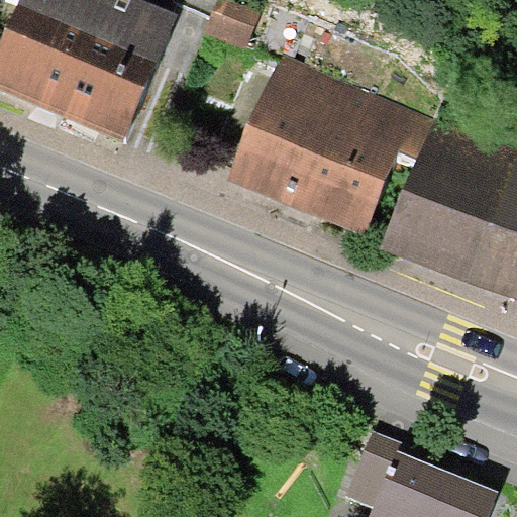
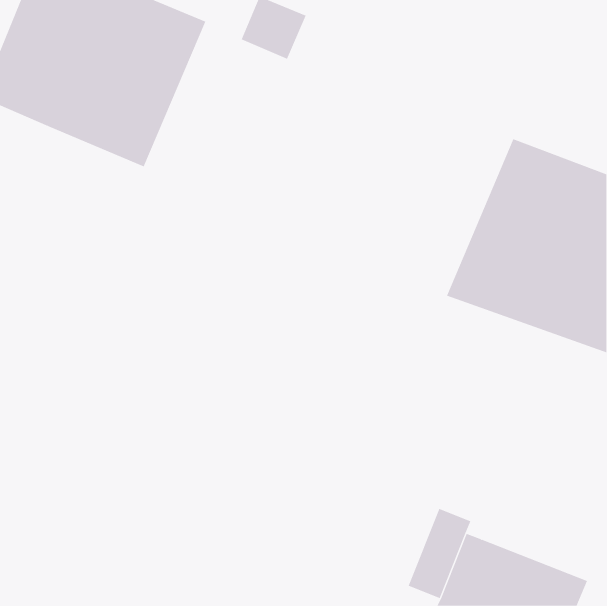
building: [227,51,430,235] -> none

